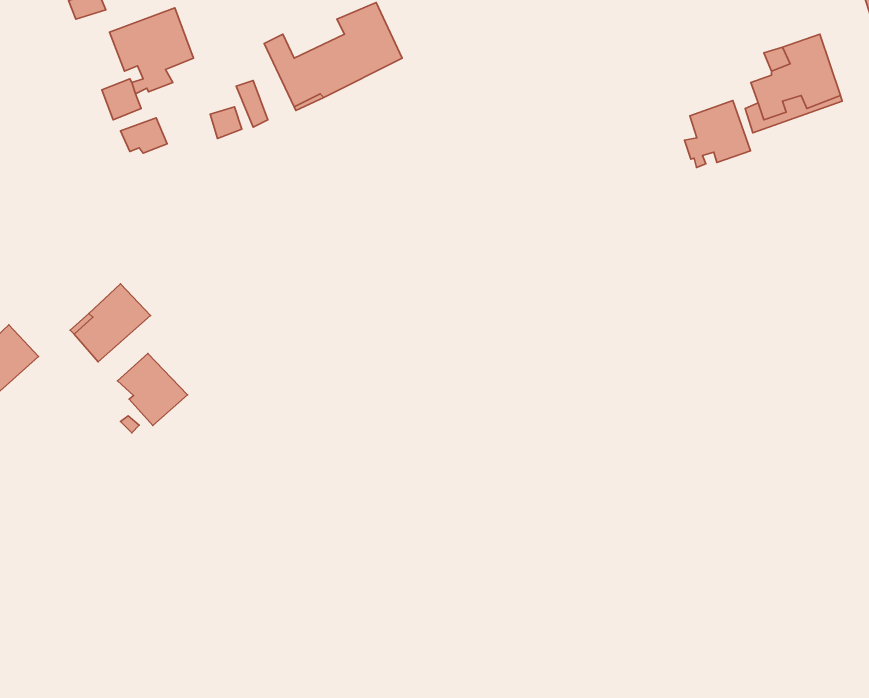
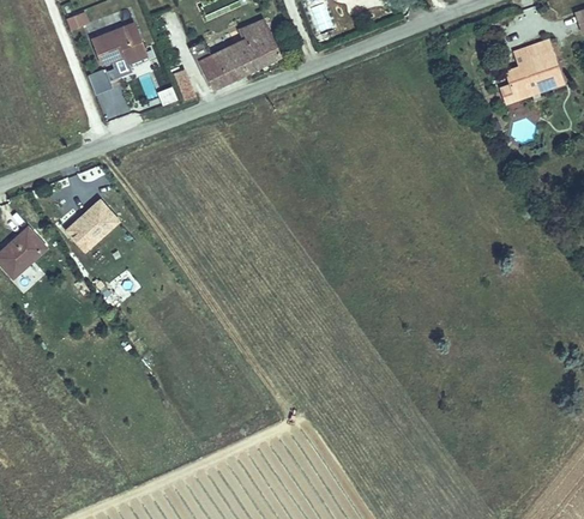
building: [684,101,751,168] -> none
building: [118,354,187,426] -> none

